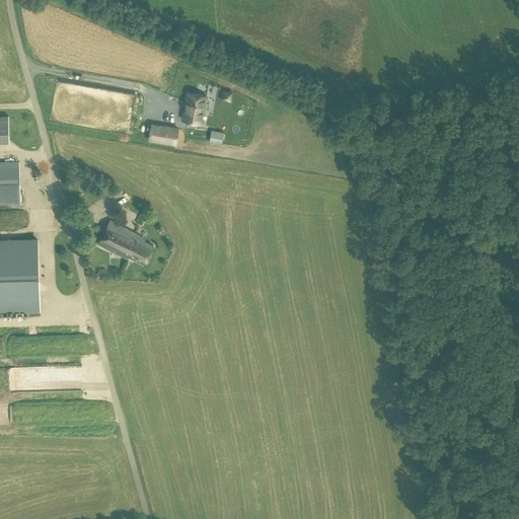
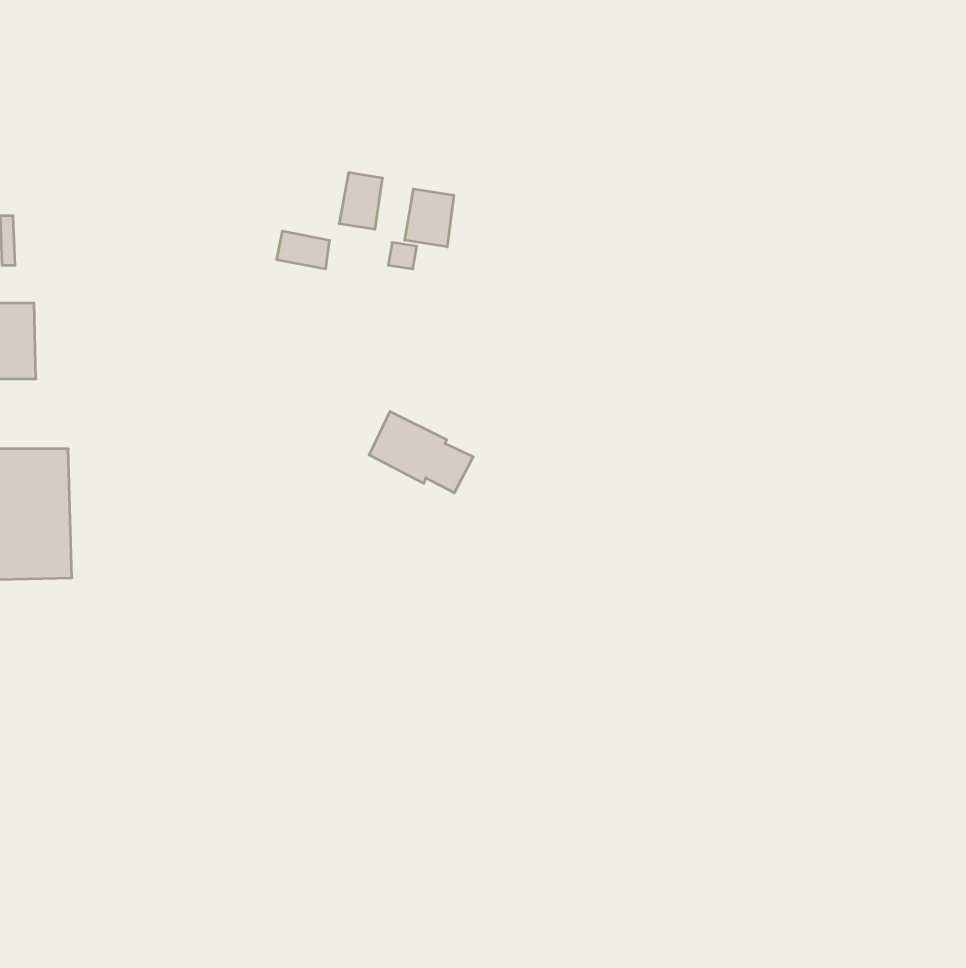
building: none -> [405,189,454,247]
building: [97,221,153,265] -> [369,411,473,493]

